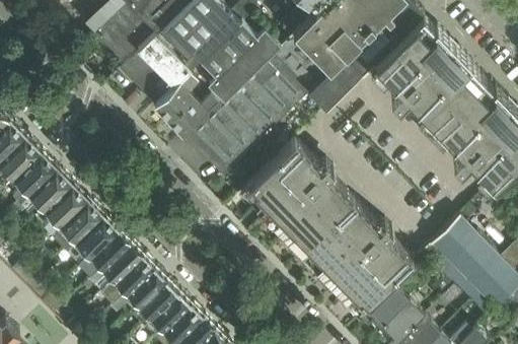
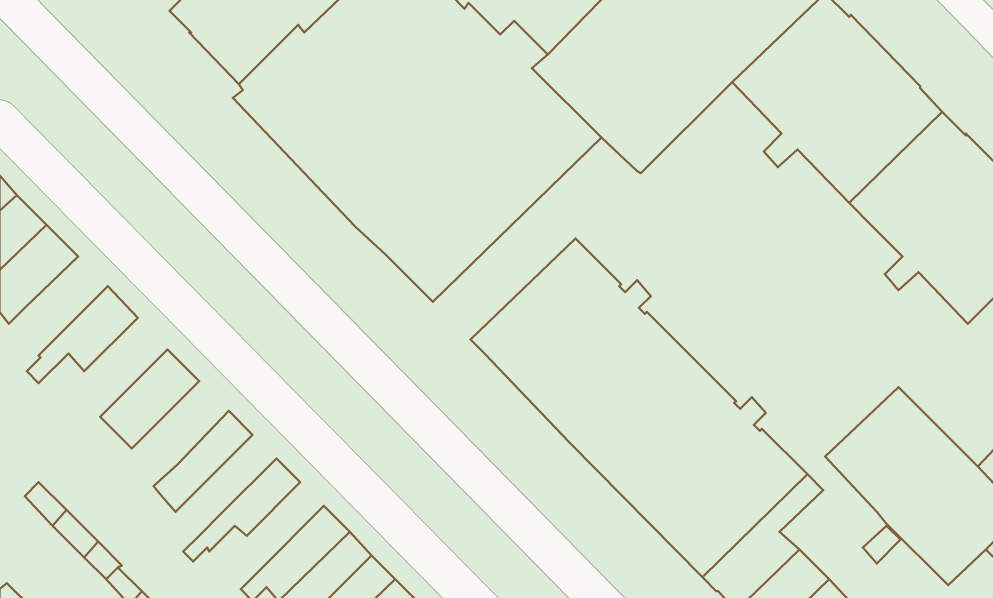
building: [13,151,56,202] -> none
building: [44,183,86,233] -> none
building: [68,215,118,258] -> none
building: [90,243,142,294] -> none
building: [112,267,166,317] -> none

